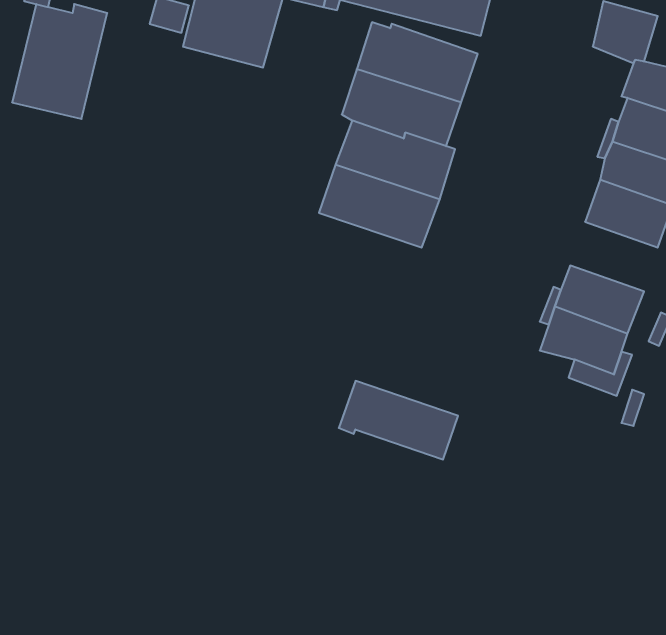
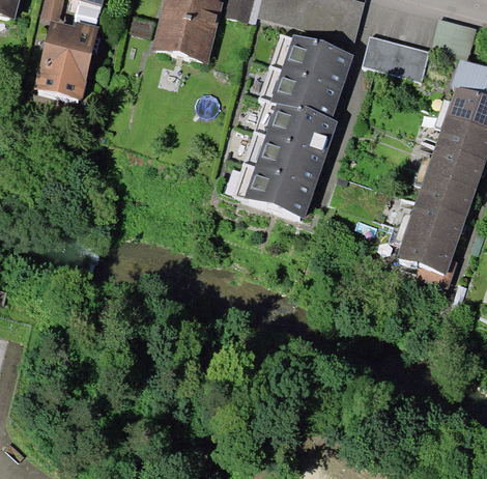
building: none -> [363,34,429,79]
building: none -> [417,168,477,216]
building: [339,381,458,460] -> [233,162,315,216]

